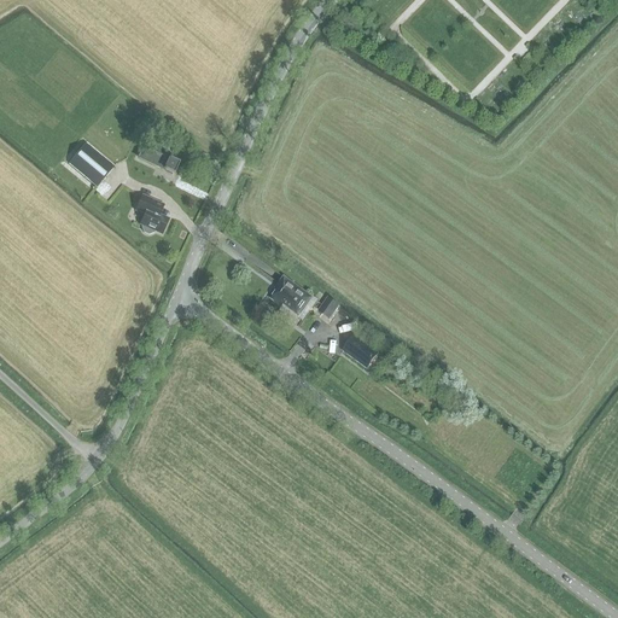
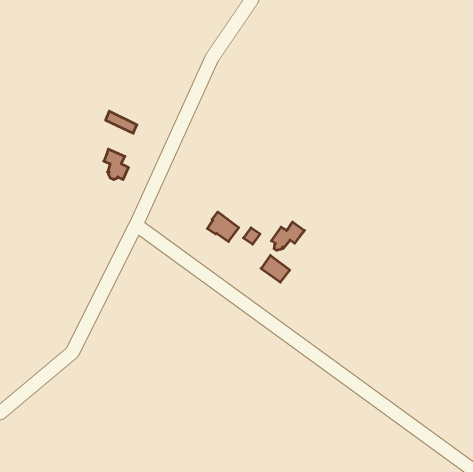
building: [68,142,113,187] -> none
building: none -> [271,222,305,250]

